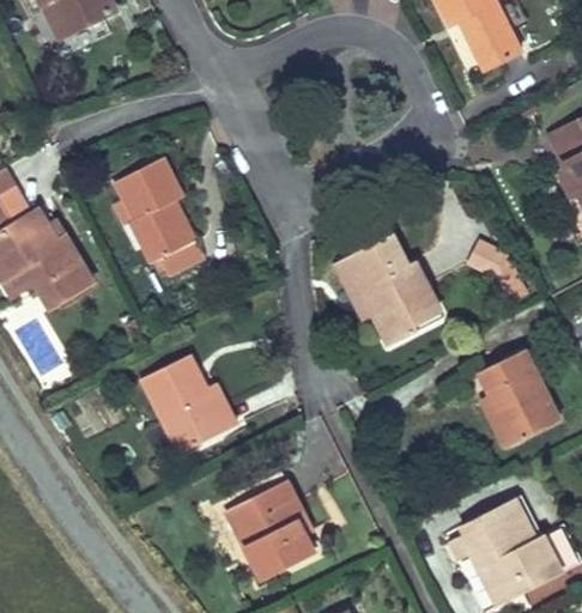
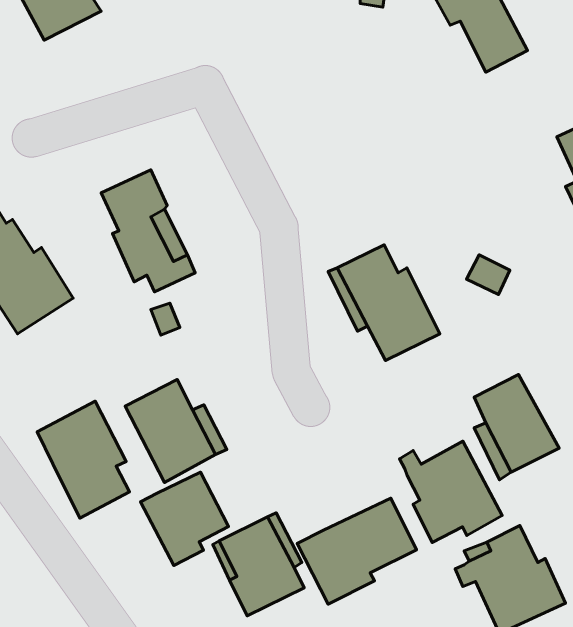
building: none -> [37,401,129,518]
building: none -> [399,441,502,543]
building: none -> [140,472,229,566]
building: none -> [297,498,416,604]

